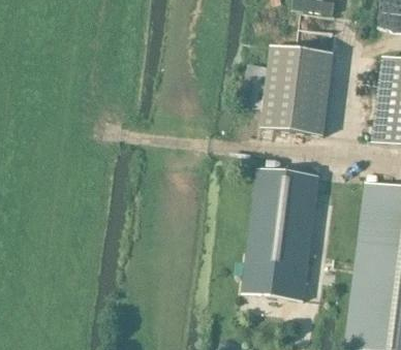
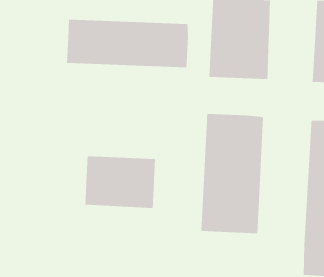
building: none -> [66,19,188,68]
building: none -> [85,156,156,209]

